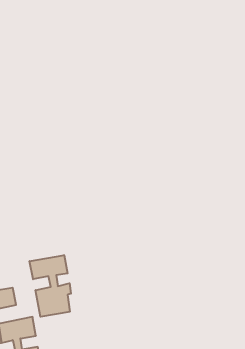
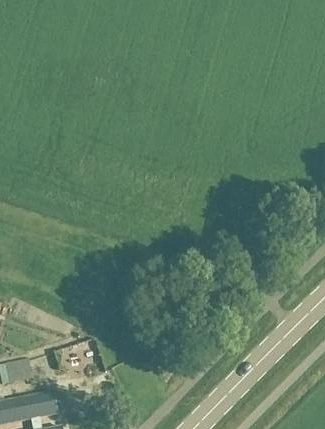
building: [30,255,71,317] -> none

